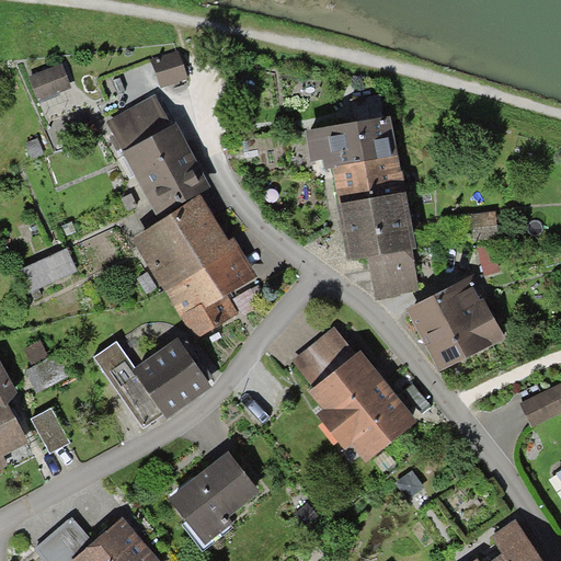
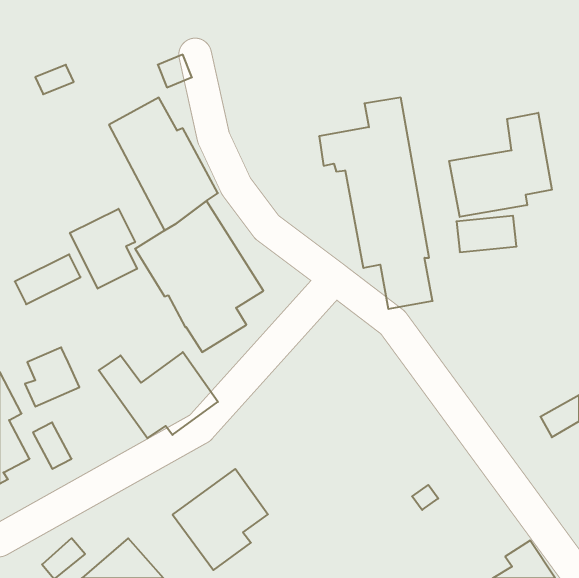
building: none -> [449,113,552,217]
building: none -> [70,209,137,289]
building: [409,278,501,368] -> none
building: [290,325,417,463] -> none

